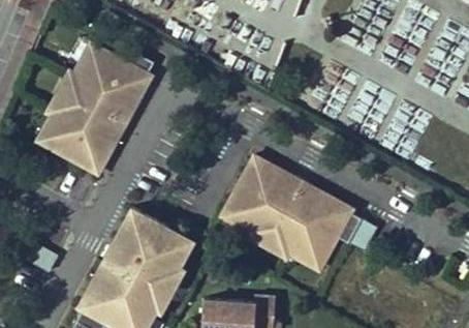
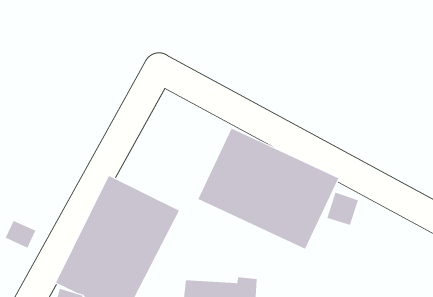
building: [33,36,155,177] -> none

